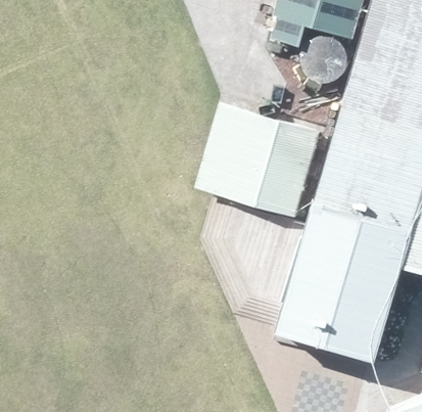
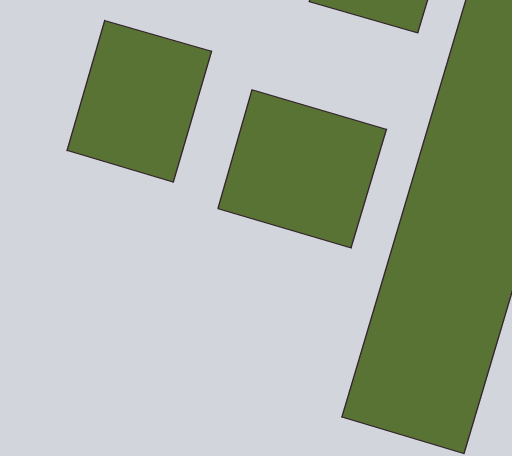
building: none -> [67,20,211,182]

